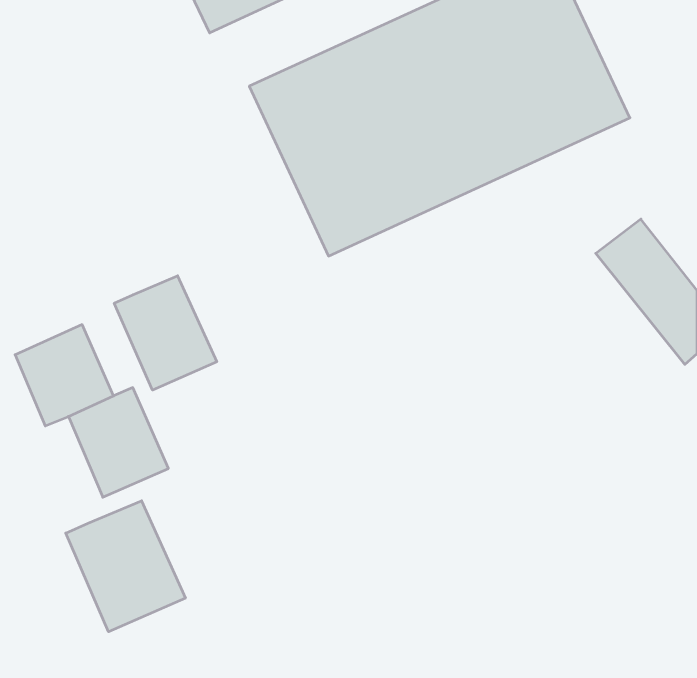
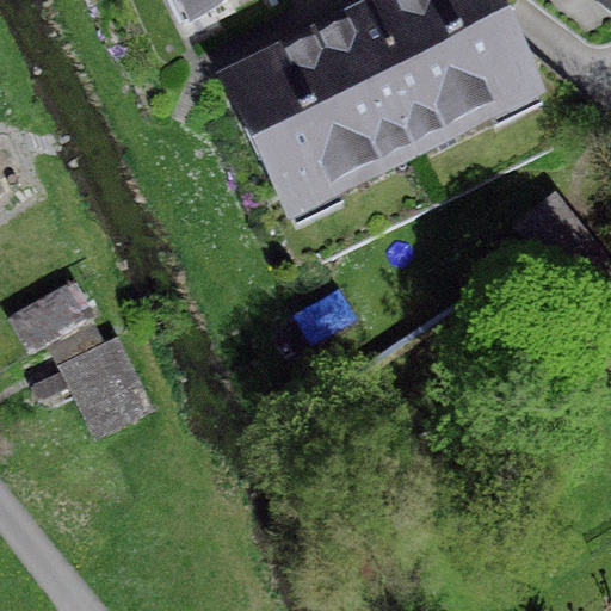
building: [114,276,217,390] -> none
building: [66,501,185,632] -> none

